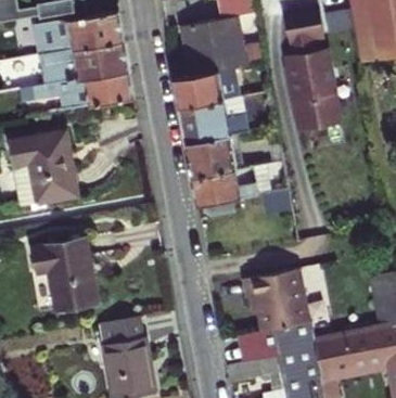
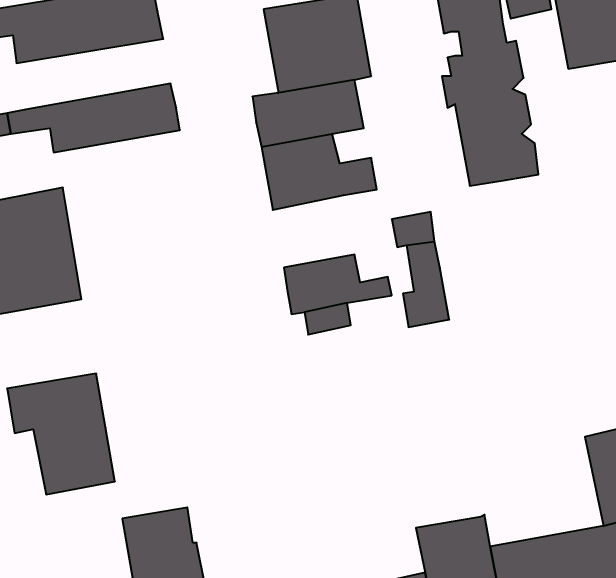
building: [38,44,128,86] -> none
building: [188,136,235,178] -> none
building: [243,270,309,333] -> none

